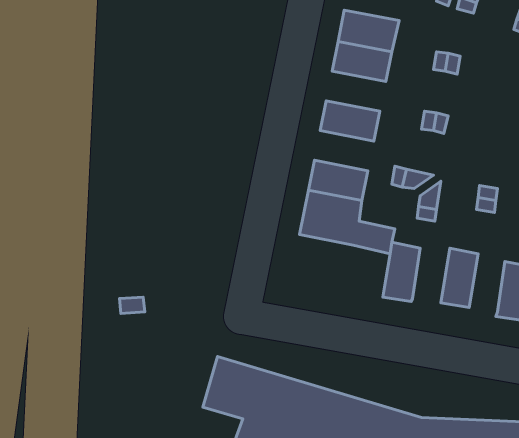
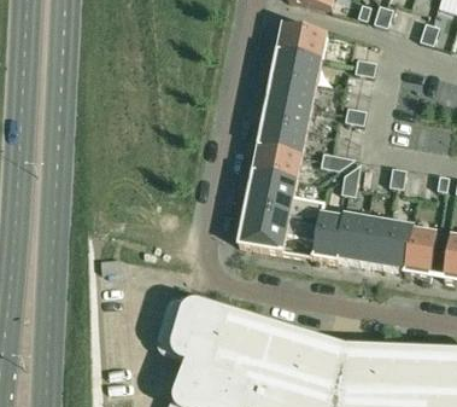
building: none -> [268,71,316,104]
building: none -> [258,120,306,152]
building: none -> [239,204,320,249]
building: none -> [338,211,368,260]
building: none -> [383,220,414,267]

